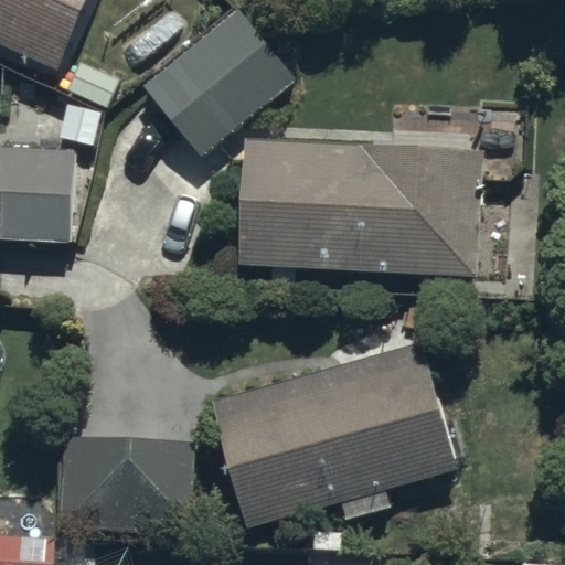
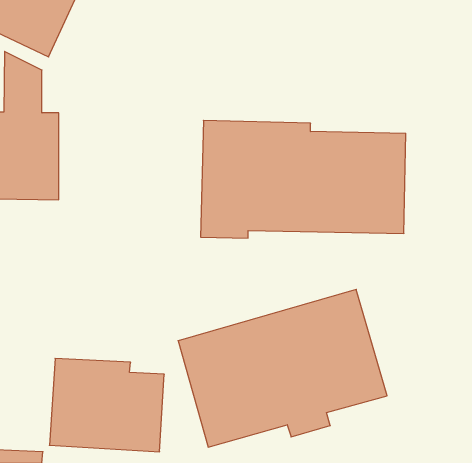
building: [142,4,294,152] -> none

